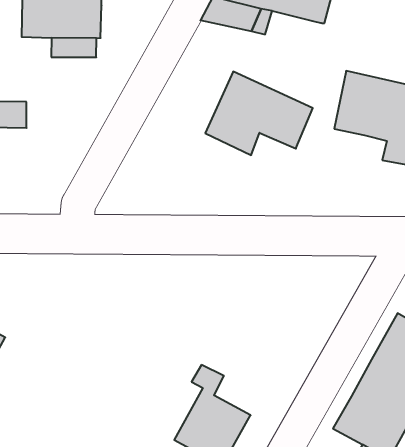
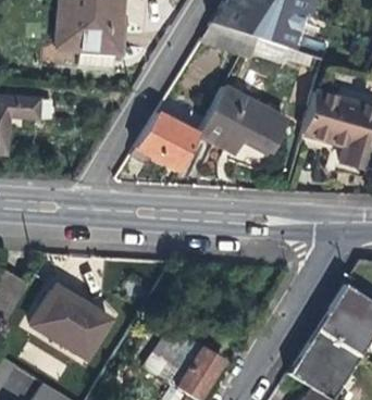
building: none -> [134,111,199,172]
building: none -> [32,291,112,358]

